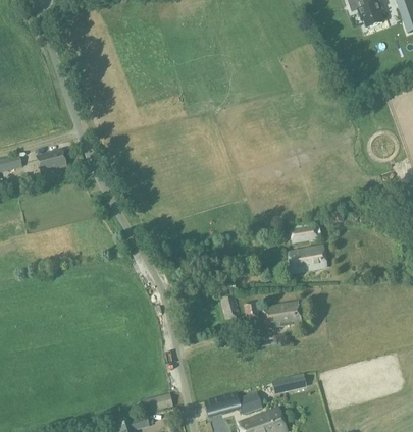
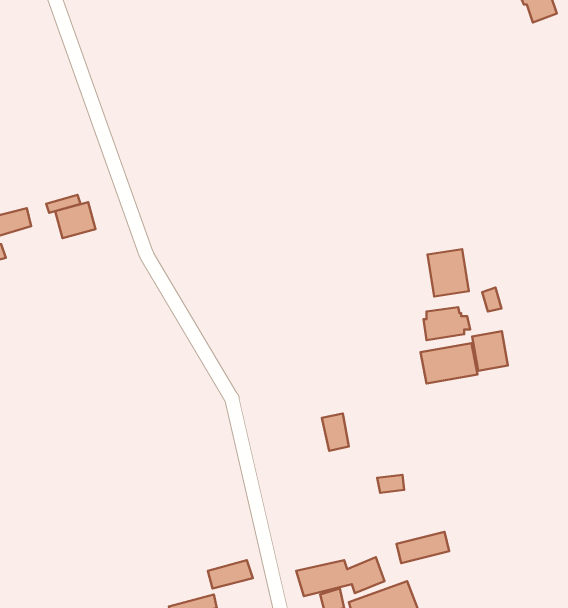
building: none -> [427,249,469,297]
building: none -> [472,331,508,371]
building: [264,300,302,327] -> none

